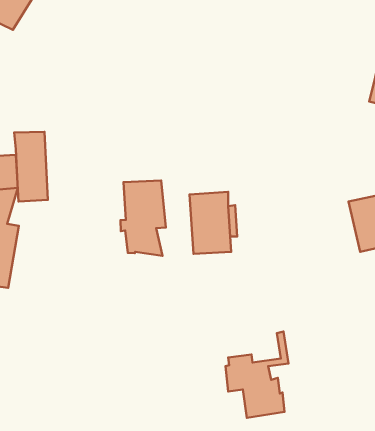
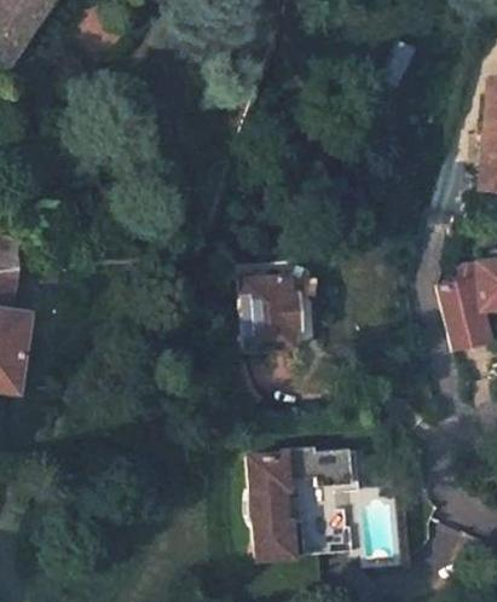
building: [14,132,48,202] -> none
building: [120,180,166,256] -> none
building: none -> [249,446,353,561]

